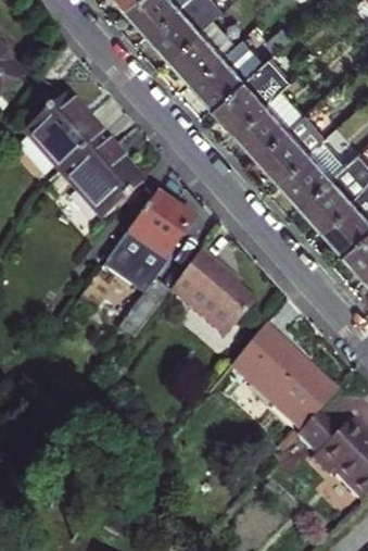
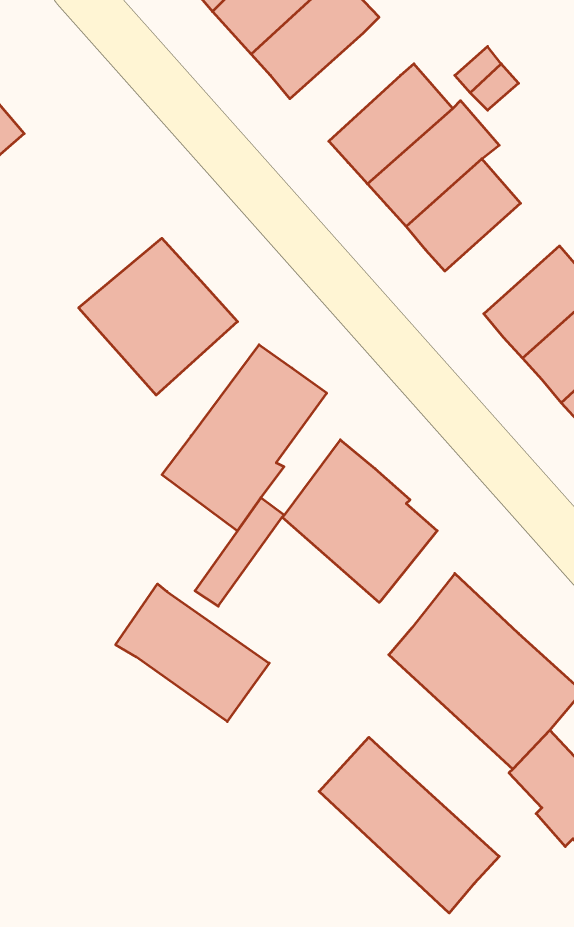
building: [170,21,232,82] -> none
building: [16,96,99,175] -> none
building: [257,116,321,178] -> none
building: none -> [116,584,269,722]
building: none -> [319,737,499,913]

